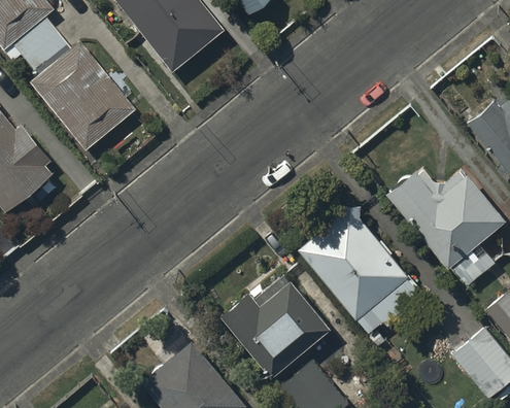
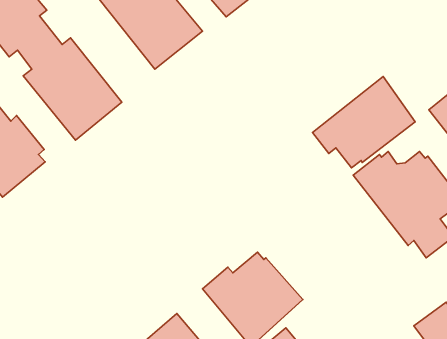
building: none -> [312,77,415,168]
building: [300,208,420,330] -> none

